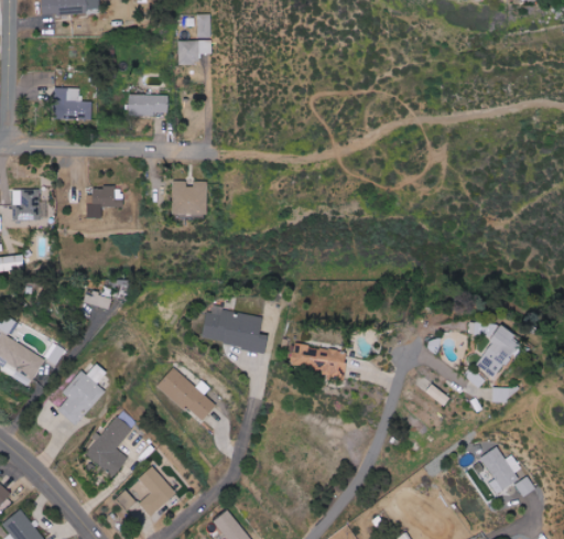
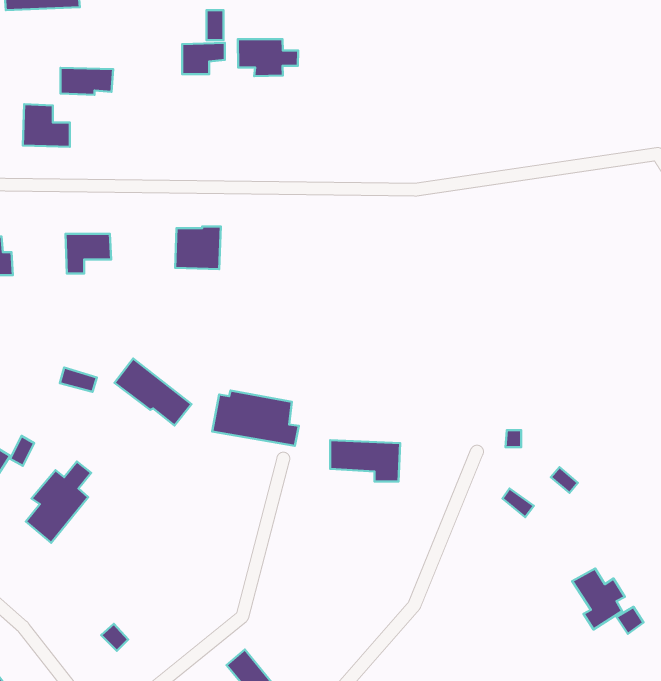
building: none -> [238,39,298,76]
building: [128,95,169,116] -> [60,68,113,95]
building: [475,327,519,378] -> none
building: [156,369,216,421] -> [115,359,192,425]
building: [84,416,131,477] -> none
building: [138,465,174,514] -> none

